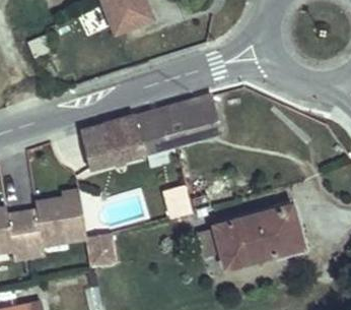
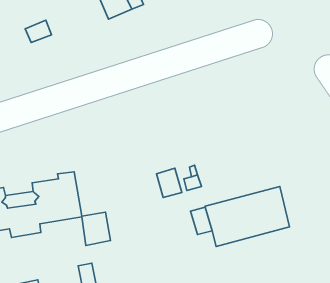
building: [80,96,219,169] -> none

